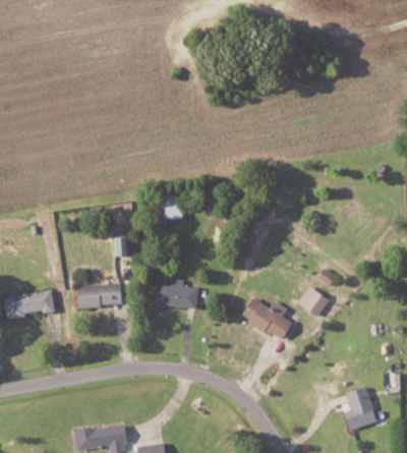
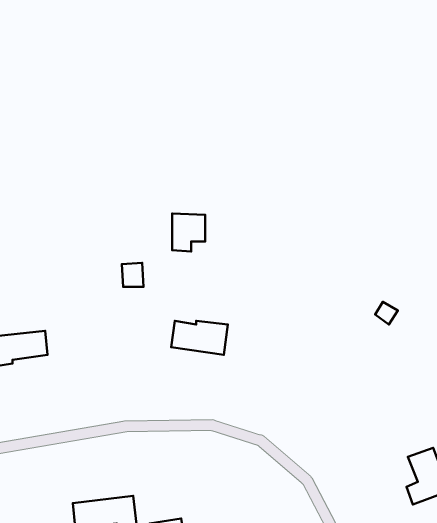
building: [75,284,121,307] -> none
building: [298,286,330,318] -> none
building: [241,298,290,337] -> none

